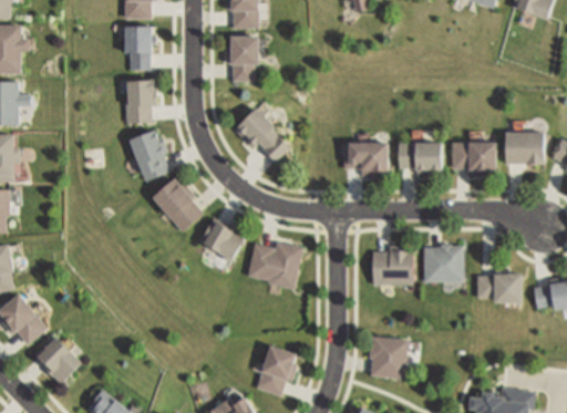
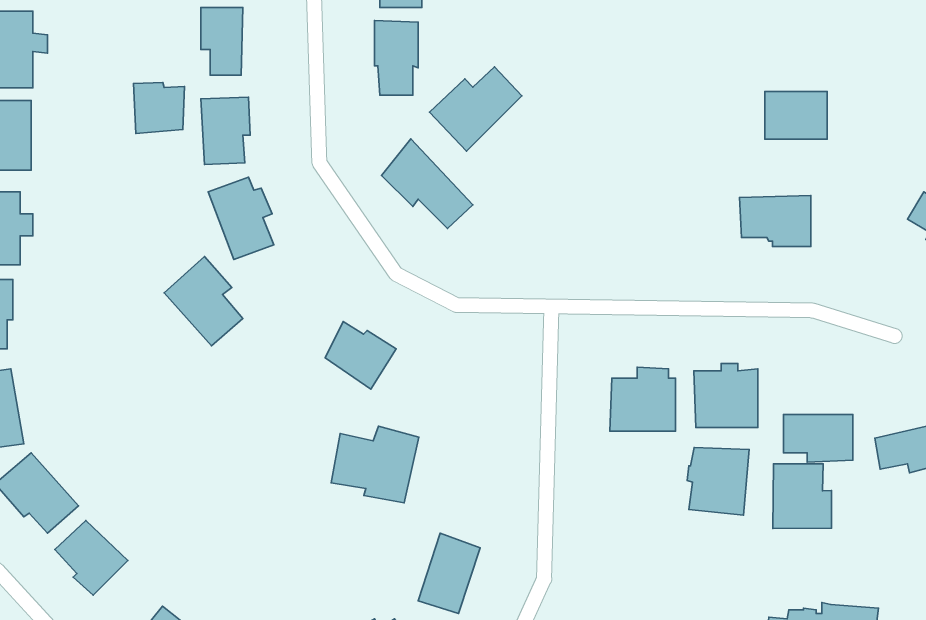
building: none -> [430,67,522,151]
building: none -> [133,82,184,133]
building: [505,133,543,162] -> [765,92,827,139]
building: [398,142,439,173] -> none
building: [343,143,386,174] -> none
building: [152,175,199,229] -> [164,256,243,346]
building: [248,240,301,287] -> [331,426,419,503]
building: none -> [773,464,832,529]
building: [369,337,406,378] -> [687,448,749,515]

